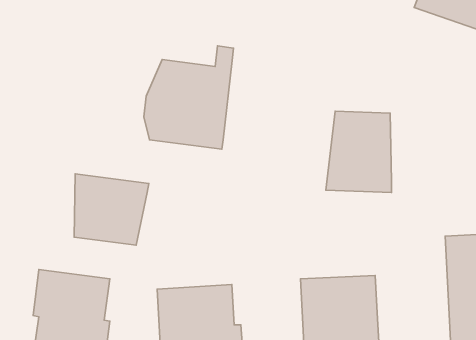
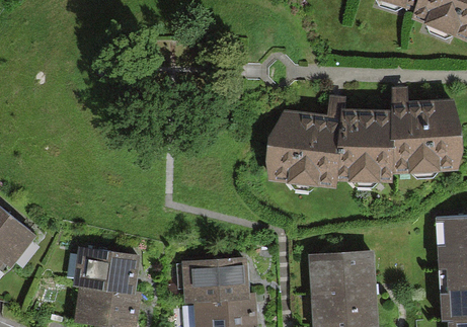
building: [144,46,233,149] -> [261,94,340,185]
building: none -> [388,84,459,169]
building: [74,174,149,245] -> none

